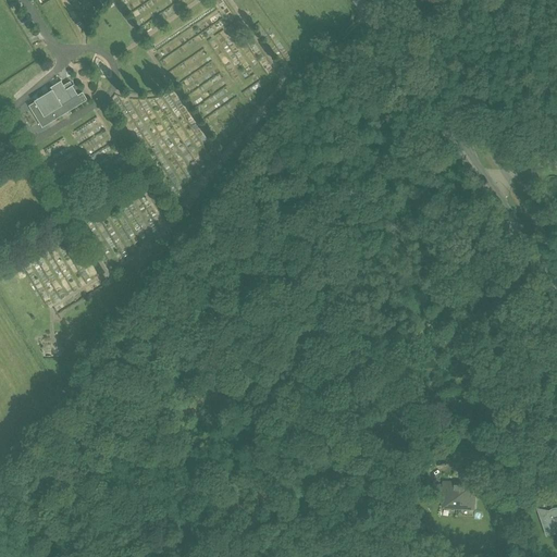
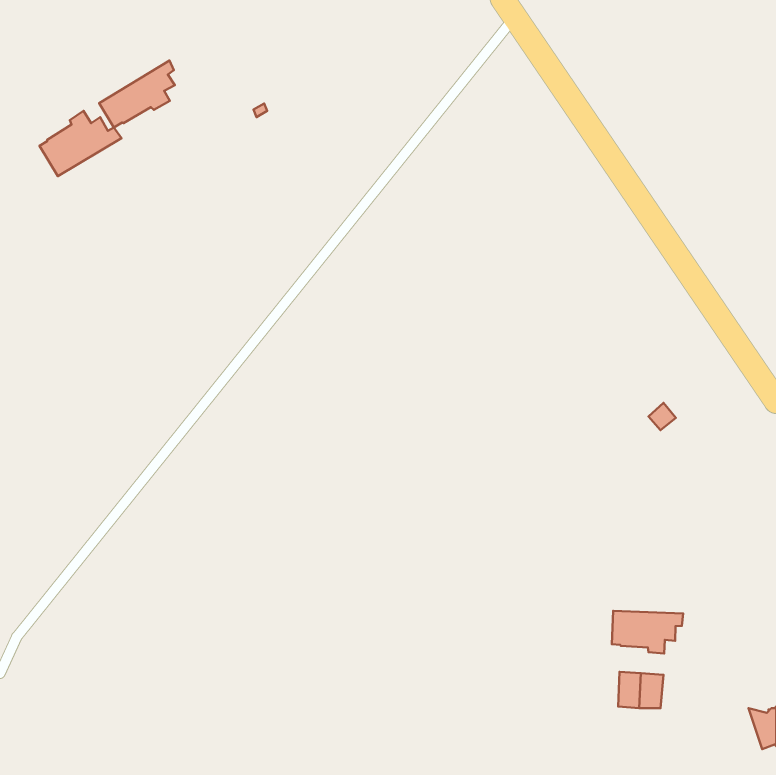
building: none -> [99,61,175,128]
building: none -> [612,611,683,654]

